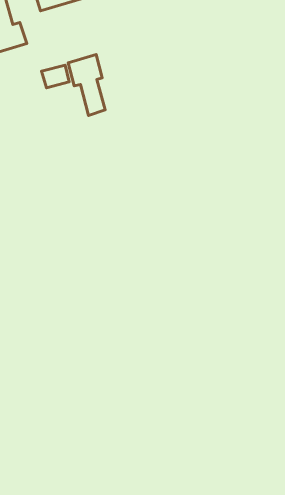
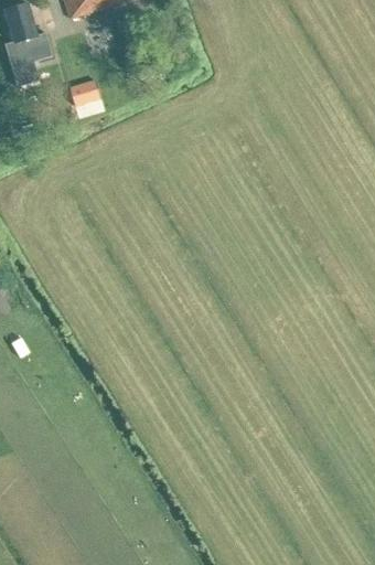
building: [68,55,105,115] -> none

